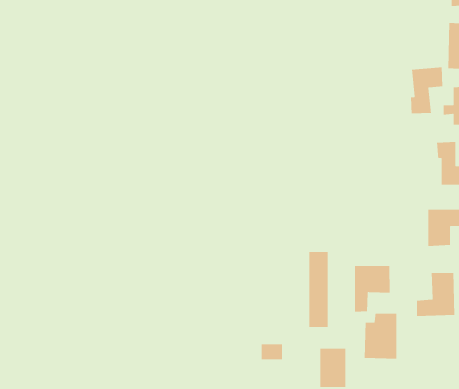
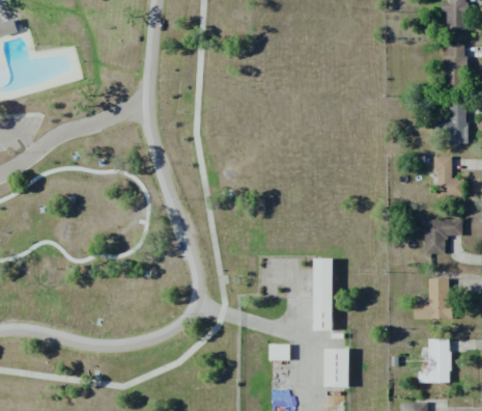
building: [410,66,443,114] -> none
building: [354,265,391,312] -> none
building: [364,313,397,359] -> [418,339,449,383]

